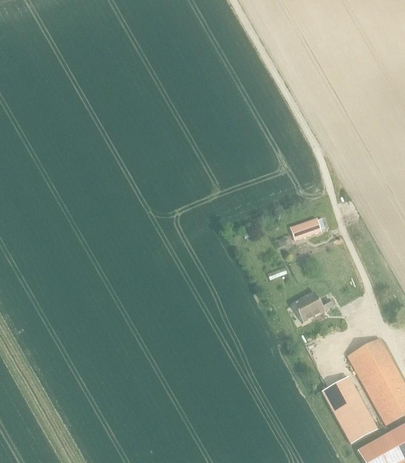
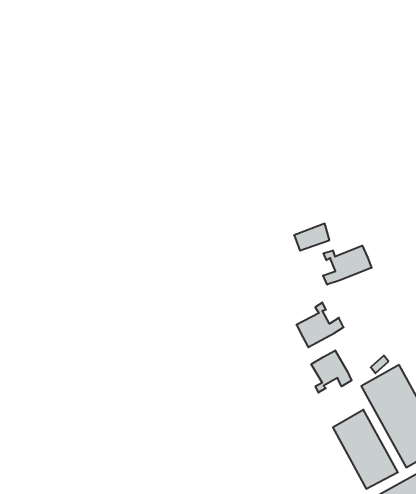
building: none -> [323,246,372,285]
building: none -> [311,350,352,393]

